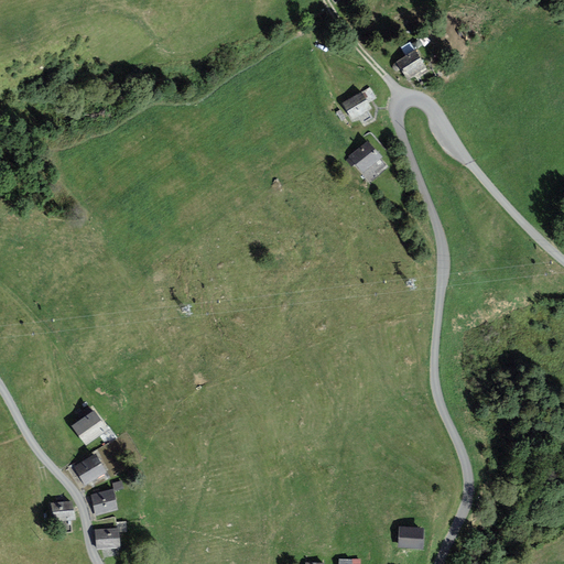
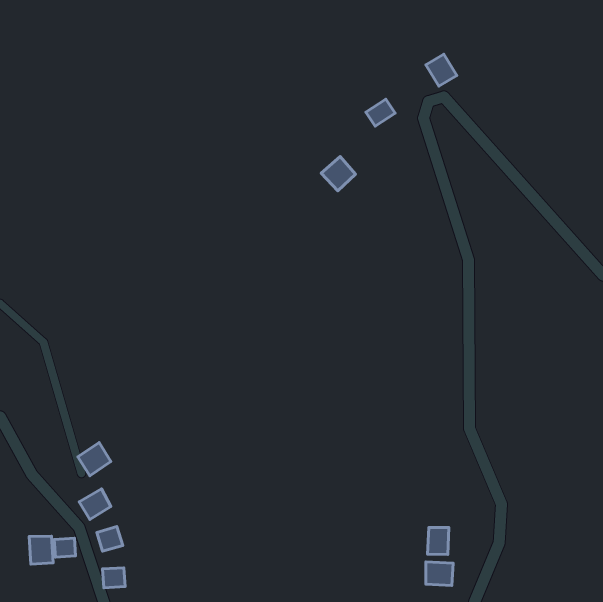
building: [348,142,380,174] -> [321,157,355,191]
building: none -> [428,527,449,554]
building: none -> [29,536,53,564]

